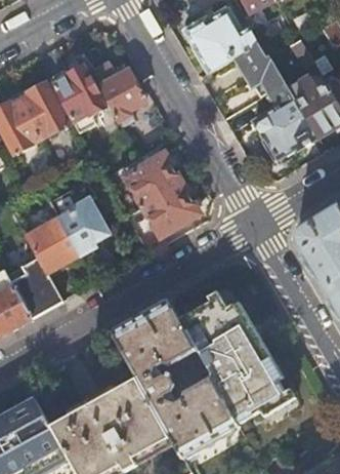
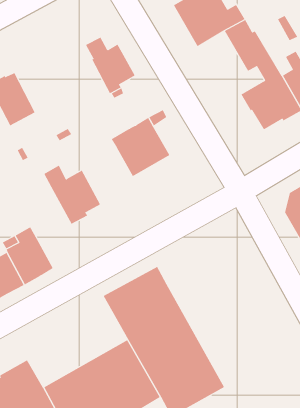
building: [39,49,104,135] -> none
building: [20,83,69,141] -> none
building: [142,185,199,237] -> none
building: [25,218,79,275] -> none
building: [178,298,288,425] -> none

